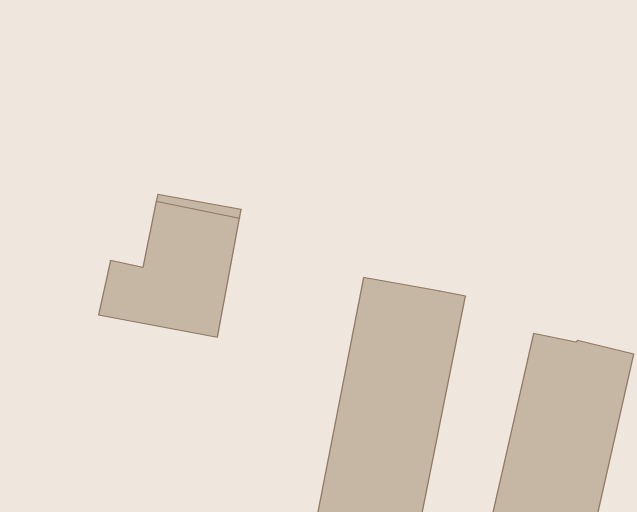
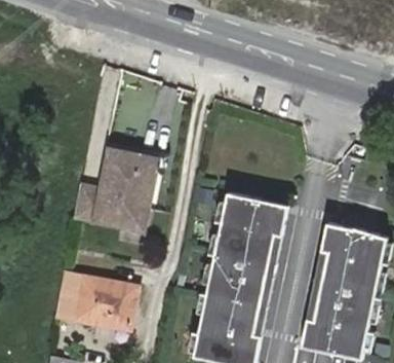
building: none -> [58,275,140,329]

